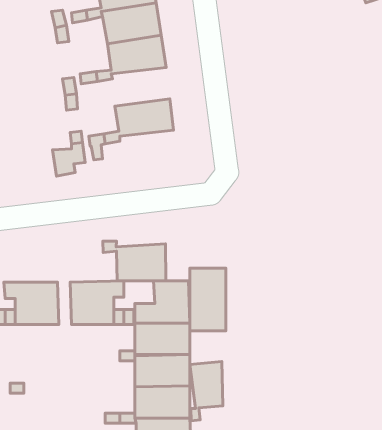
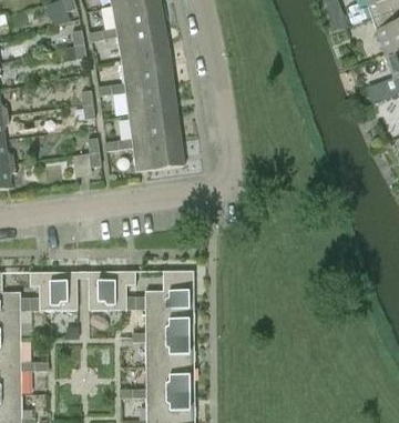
building: none -> [124,82,176,117]
building: none -> [132,138,184,172]
building: [103,241,166,281] -> none
building: [190,268,226,331] -> none
building: [190,362,223,421] -> none

